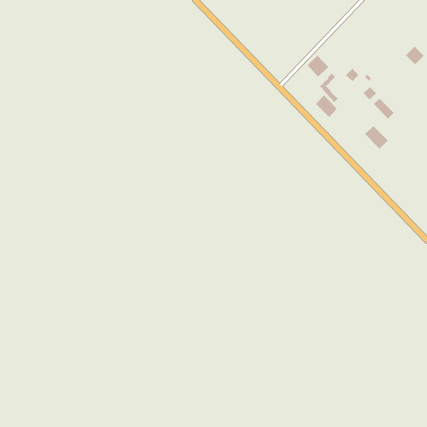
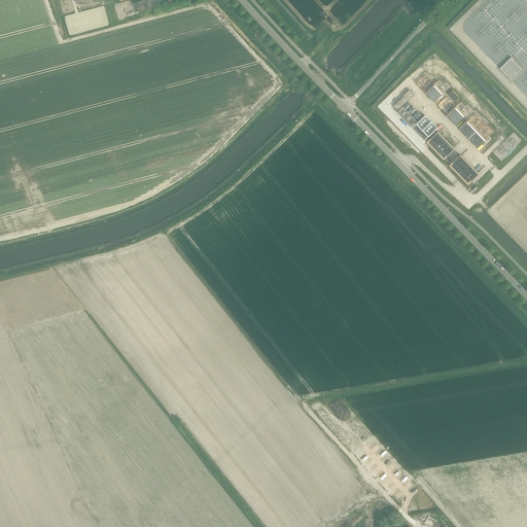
building: [307,55,329,78] -> none
building: [315,95,338,118] -> [426,131,454,160]

